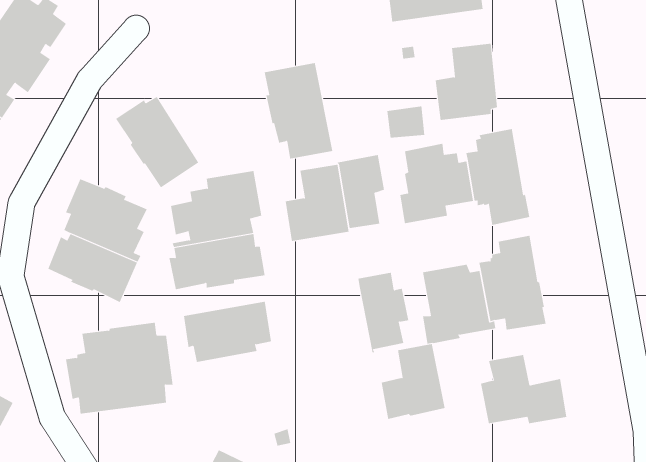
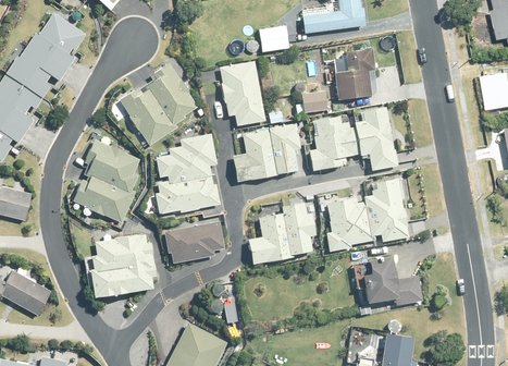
building: none -> [258,24,289,51]
building: none -> [147,63,197,129]
building: [381,344,446,419] -> [248,213,292,265]

